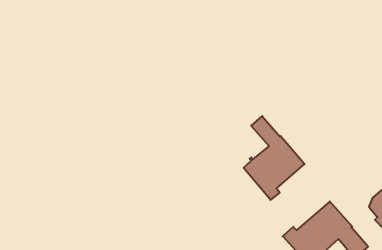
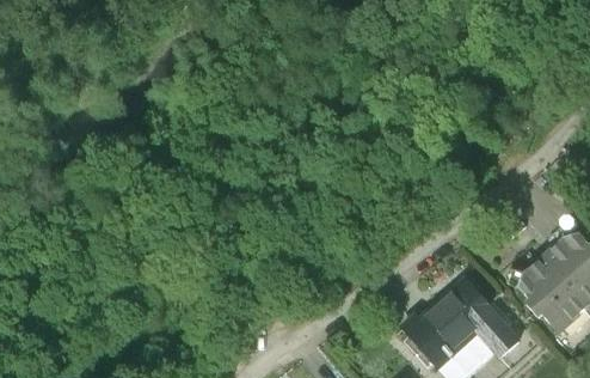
building: [244,116,305,200] -> none

